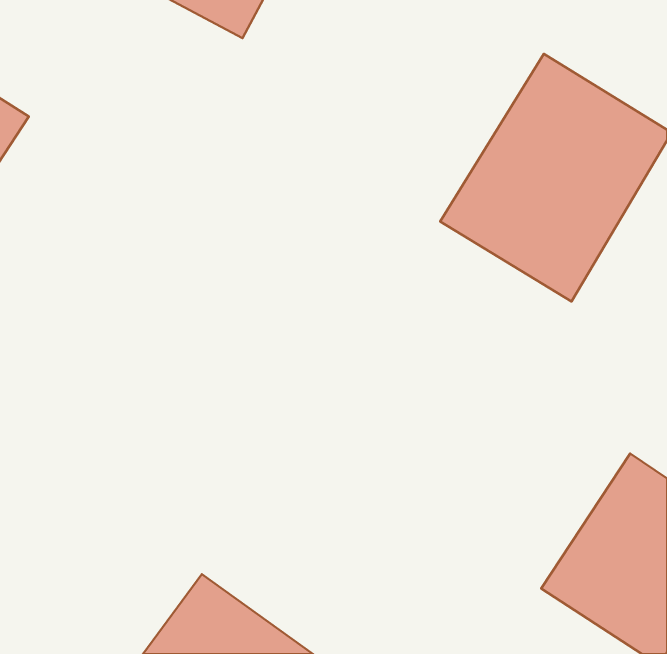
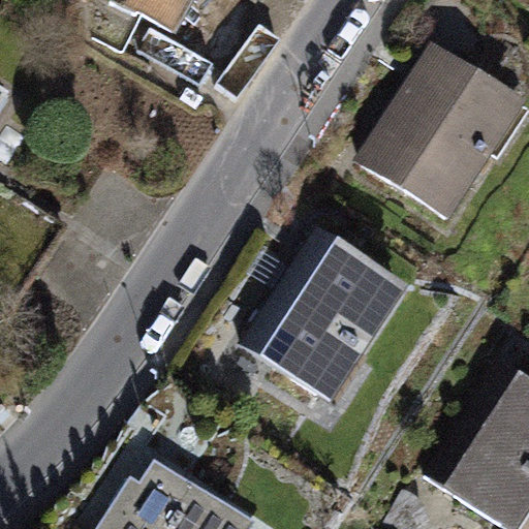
building: none -> [243,236,406,403]

